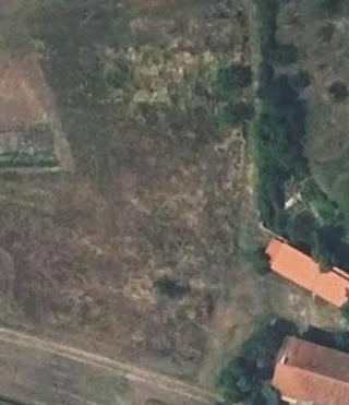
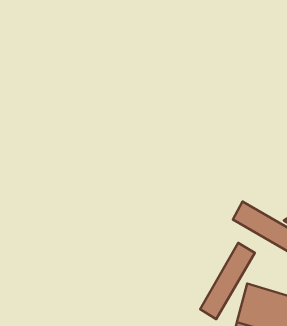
building: none -> [200,243,255,319]

